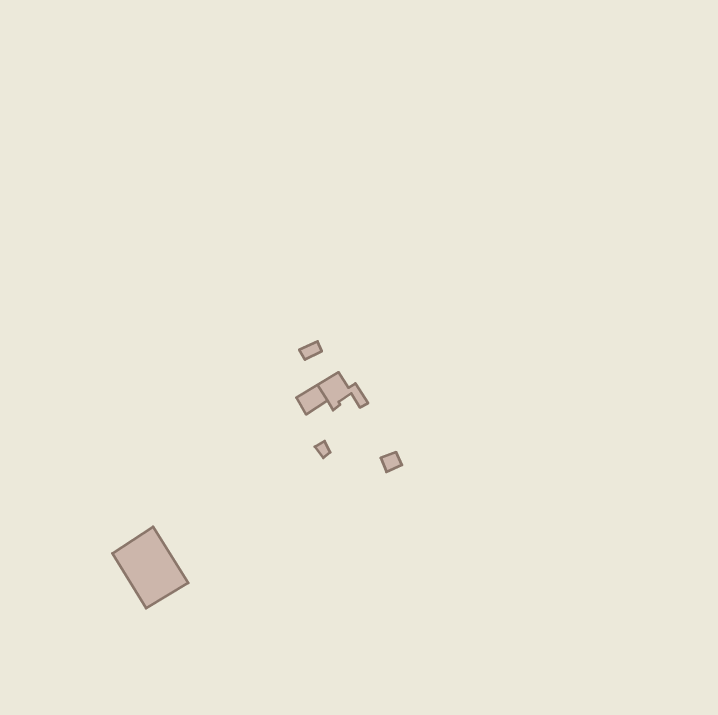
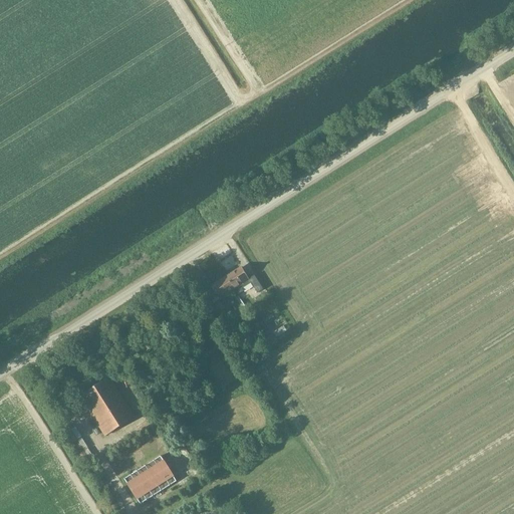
building: none -> [123,455,176,504]

